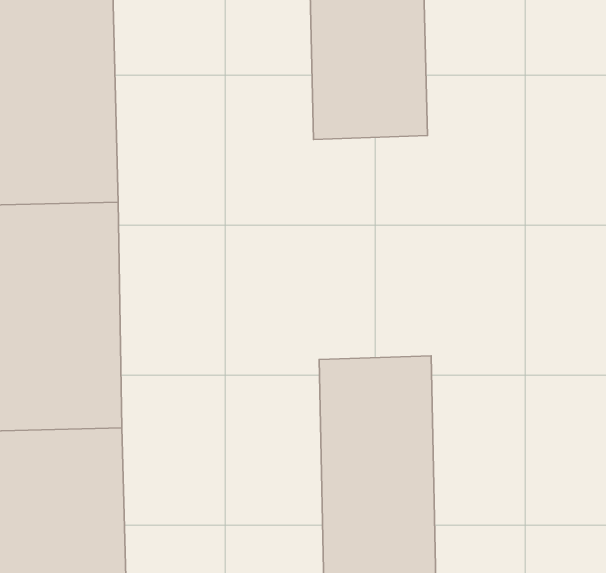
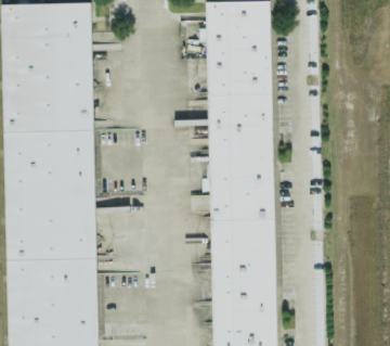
building: none -> [206,91,273,219]

